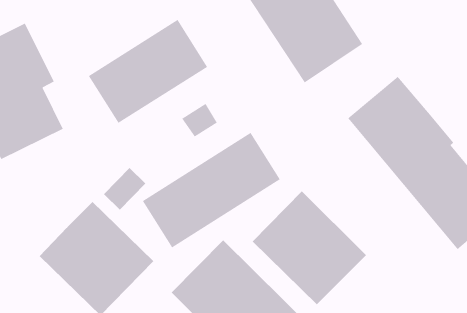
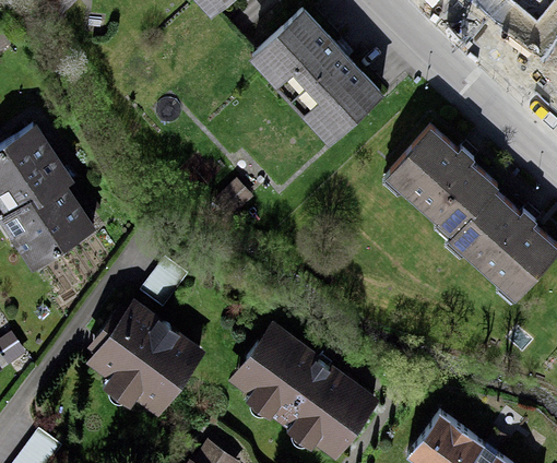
building: [88,19,208,124] -> none
building: [142,132,281,248] -> none
building: [252,191,367,305] -> none

